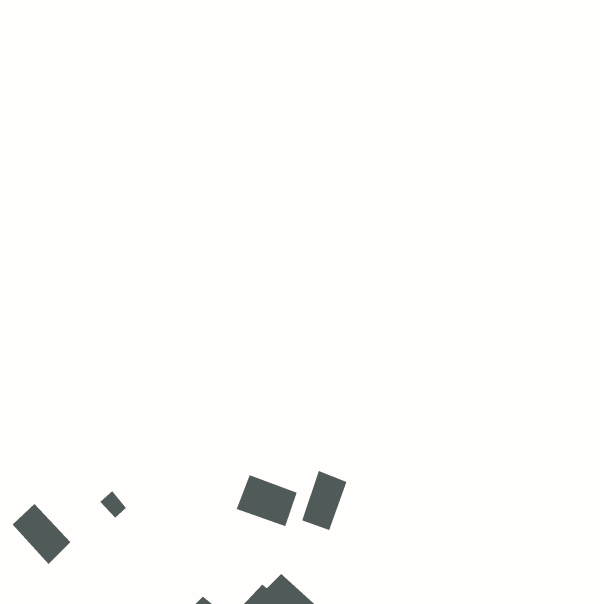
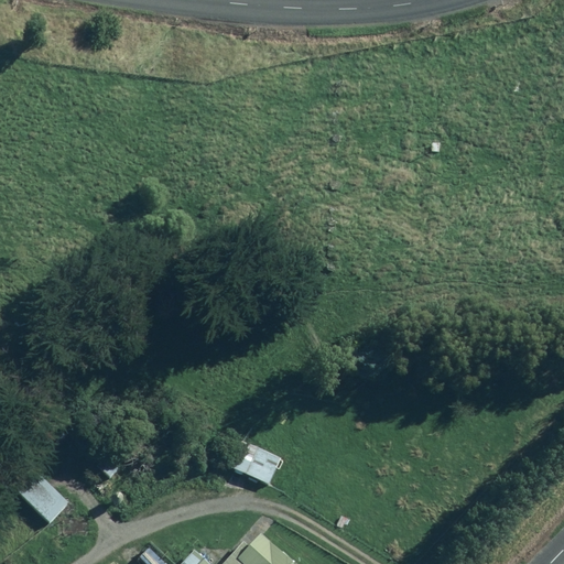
building: [301,470,347,531] -> none

